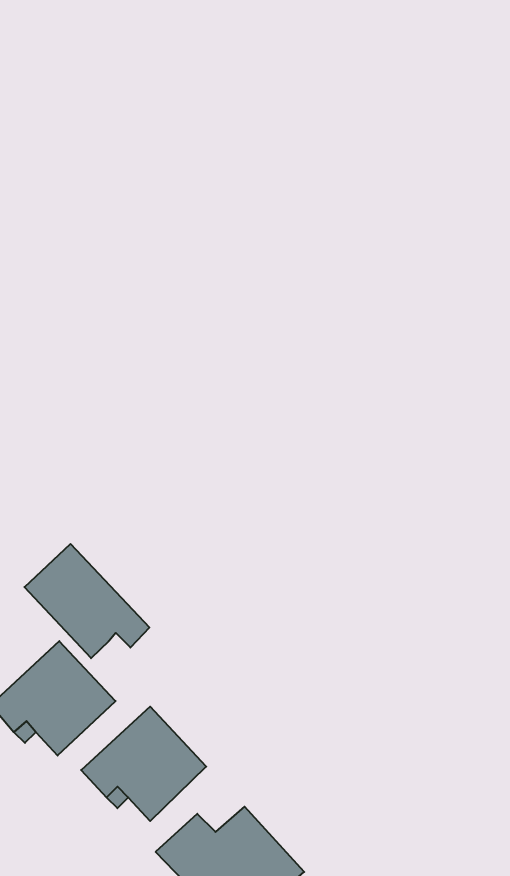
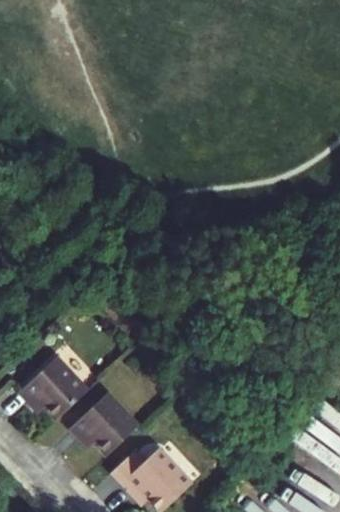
building: [24,544,149,658] -> none

